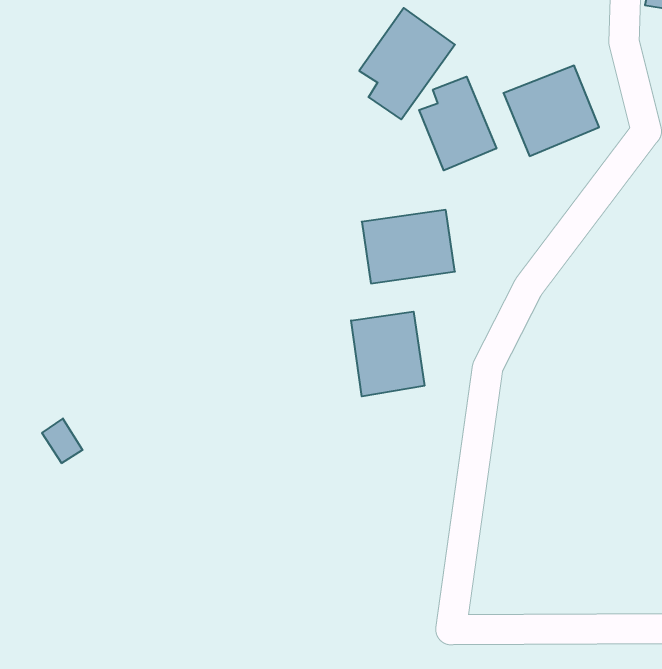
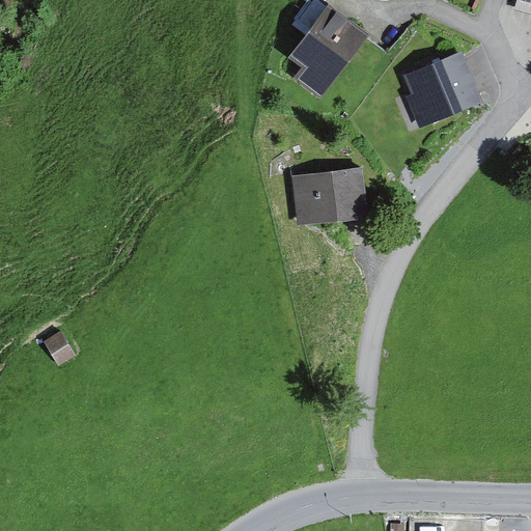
building: [419,77,496,170] -> none
building: [351,312,424,396] -> none

